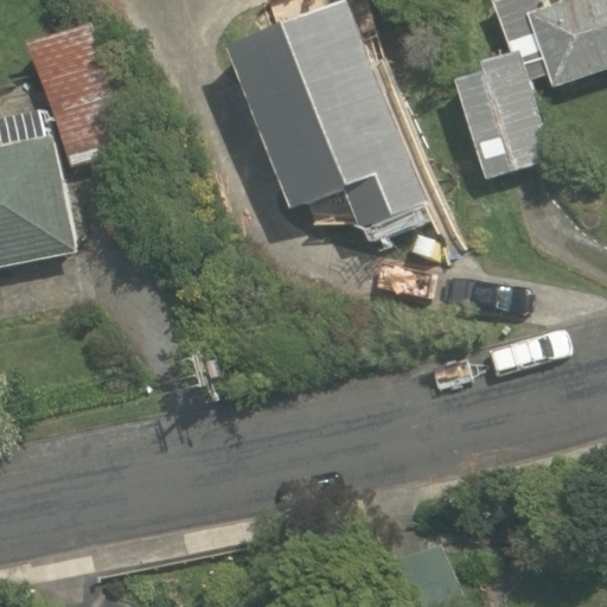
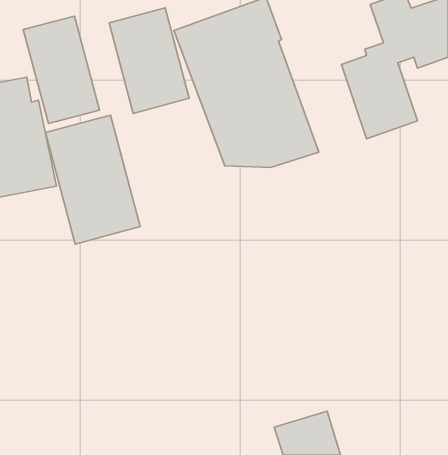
building: none -> [109,8,189,113]
building: none -> [46,115,140,244]

